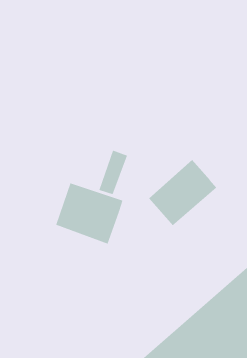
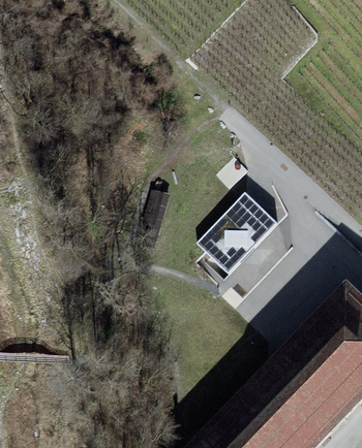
building: [55,182,123,244] -> none

